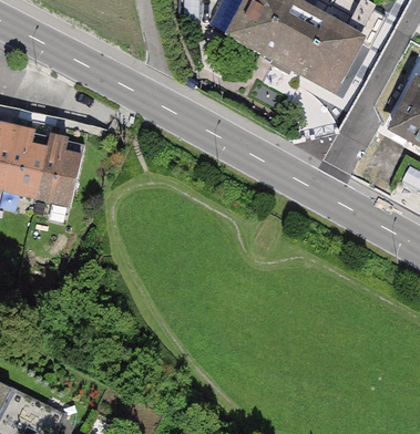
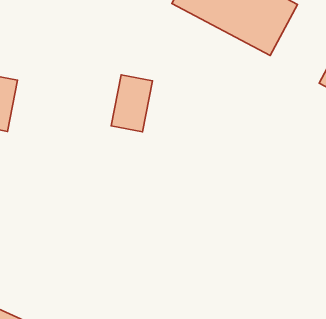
building: [39,132,85,196] -> [111,75,152,132]

